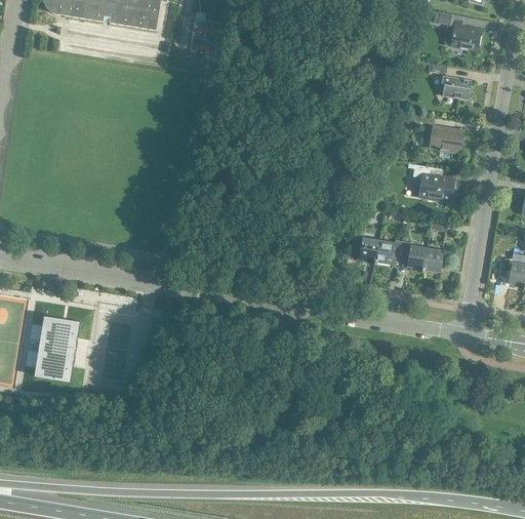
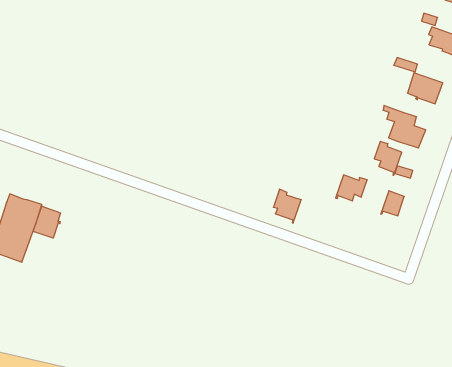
building: [352,232,378,264] -> [273,189,301,223]
building: [400,240,427,272] -> [374,141,402,175]
building: none -> [33,206,61,238]

